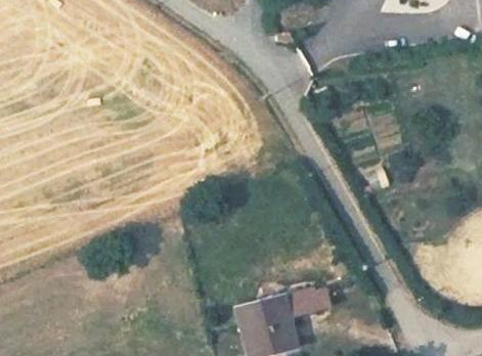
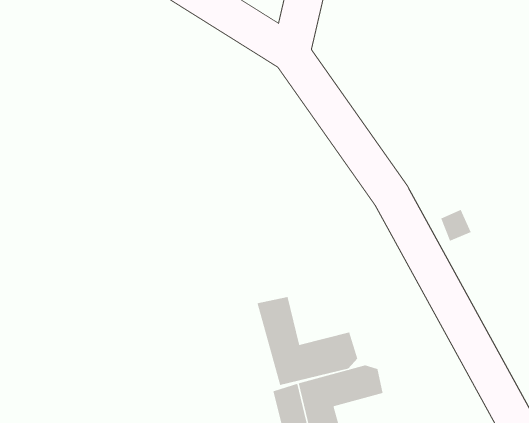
building: none -> [257,296,358,386]

